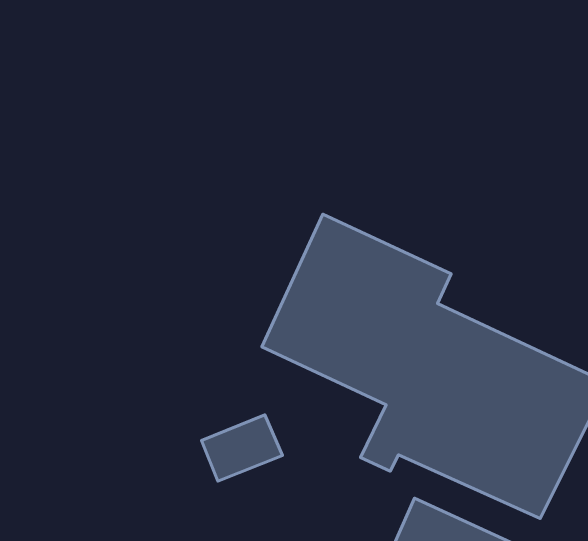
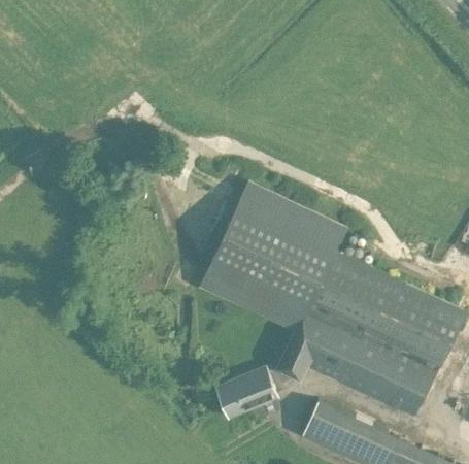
building: [201,415,283,481] -> [215,367,277,418]

